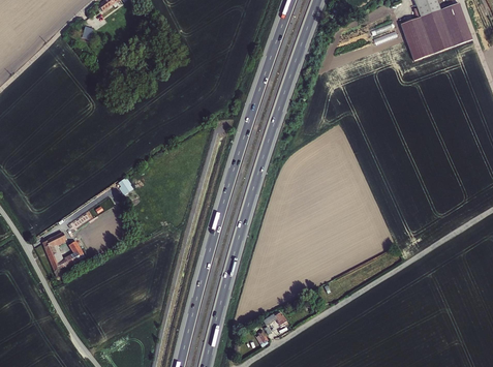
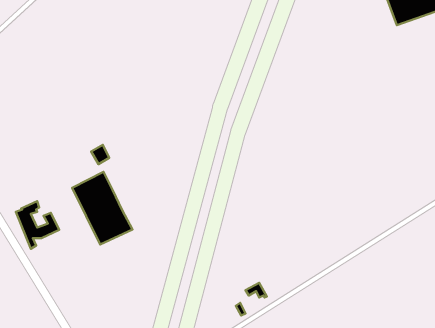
building: none -> [72,172,132,245]

